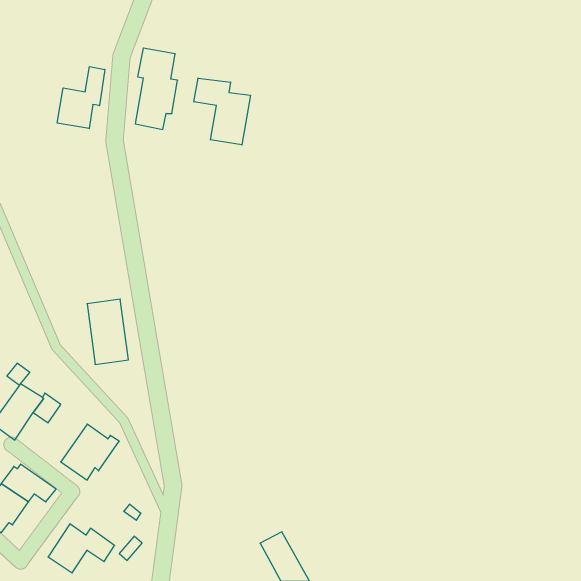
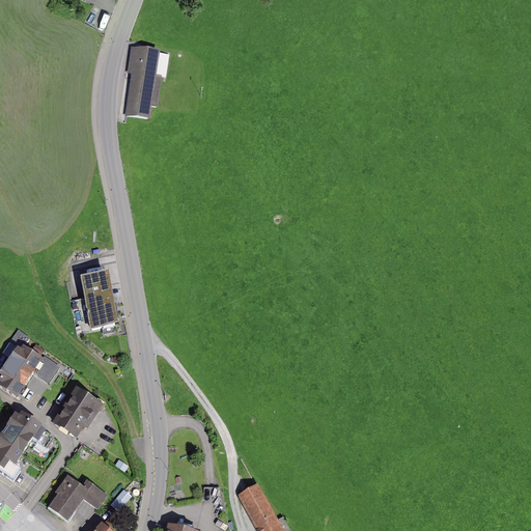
building: [57,67,105,129] -> none
building: [194,78,250,145] -> none

